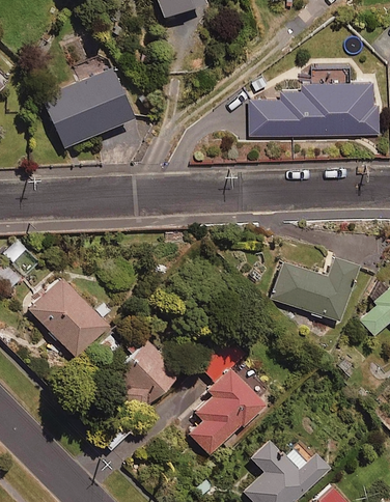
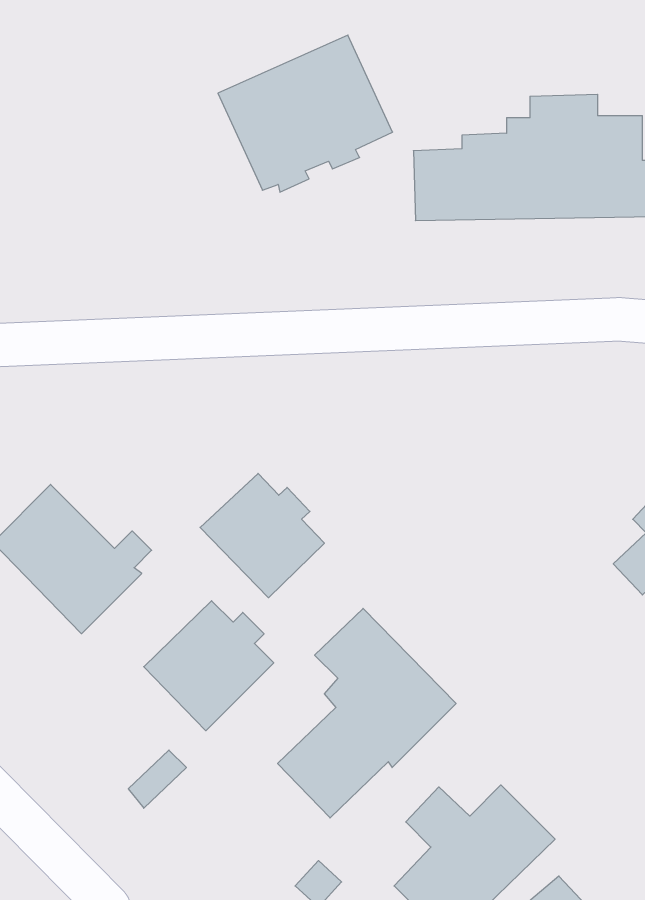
building: [41,66,135,150] -> [218,35,393,192]
building: [273,258,360,324] -> none
building: none -> [200,473,324,598]

